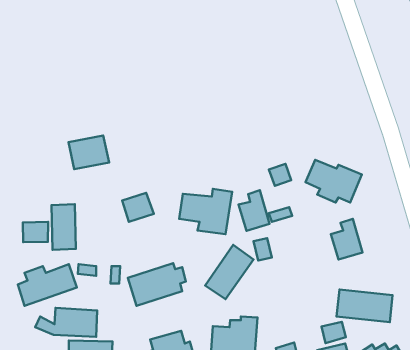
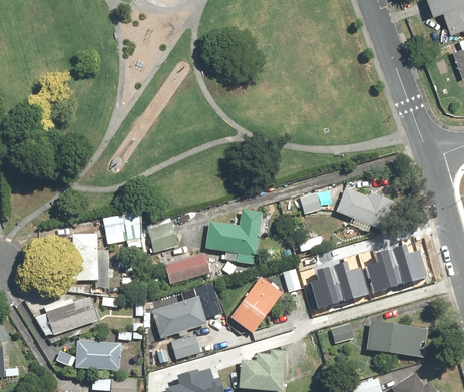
building: [68,135,109,169] -> [102,210,144,245]
building: [239,190,270,231] -> [305,266,337,308]
building: none -> [390,244,424,283]
building: [23,222,48,242] -> none
building: none -> [165,253,210,284]
building: none -> [332,261,367,299]
building: none -> [171,334,202,360]
building: [322,322,346,343] -> [329,322,354,344]

